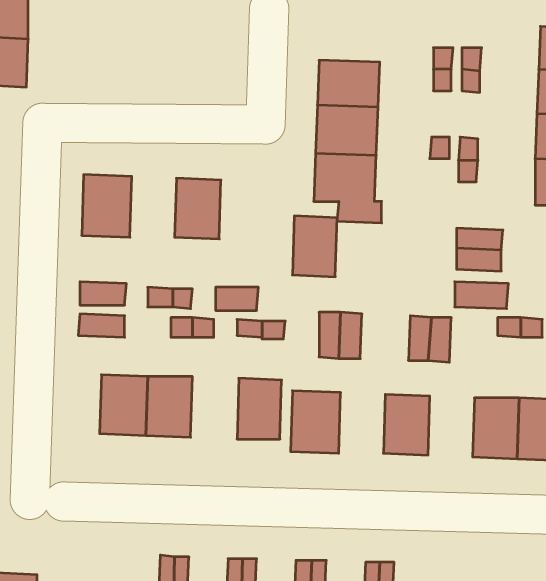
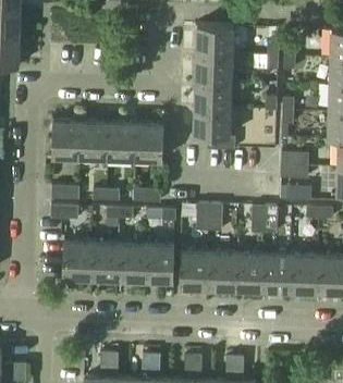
building: none -> [197,25,235,51]
building: none -> [82,121,110,158]
building: [292,216,337,277] -> [136,123,163,160]
building: none -> [119,243,148,281]
building: none -> [209,252,237,289]
building: none -> [264,255,292,292]

